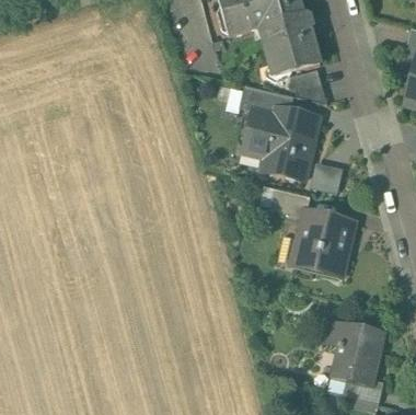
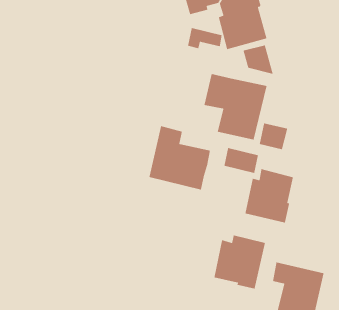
building: [240,85,280,111] -> [187,27,222,49]
building: none -> [148,125,211,190]
building: none -> [214,234,266,290]

